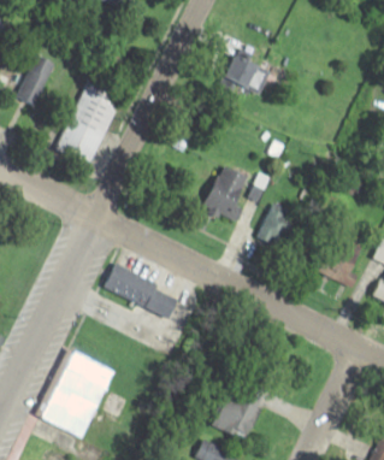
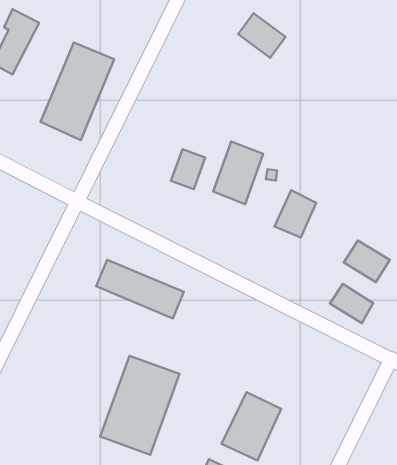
building: none -> [171,149,205,189]
building: none -> [330,284,373,323]
building: [43,350,112,436] -> [100,356,179,455]

